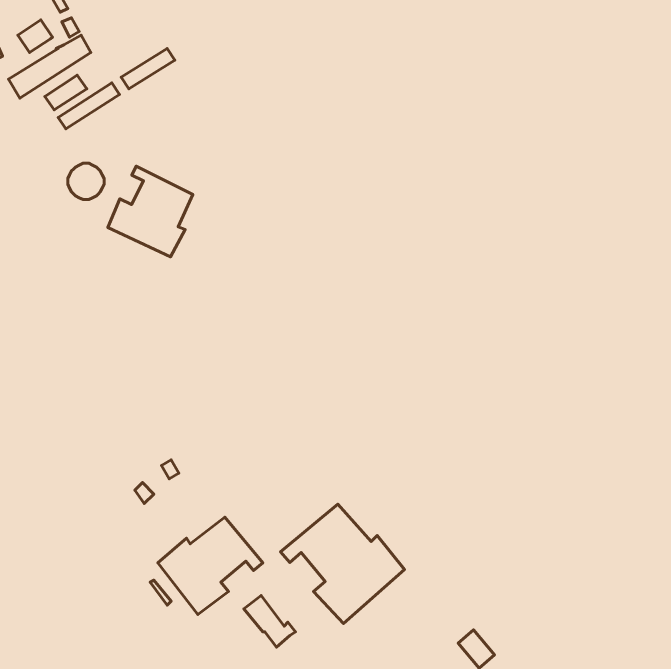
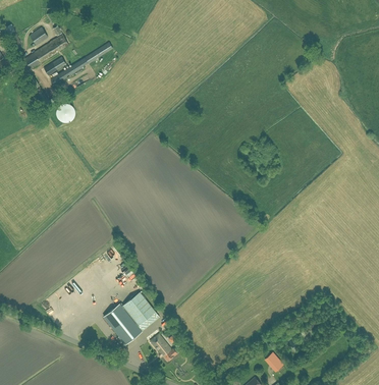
building: [108,166,193,257] -> none
building: [281,504,404,624] -> none

